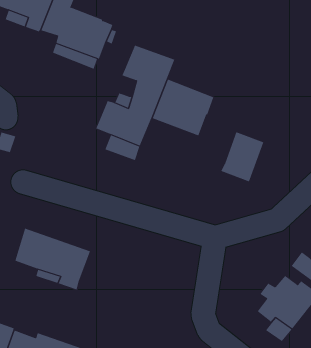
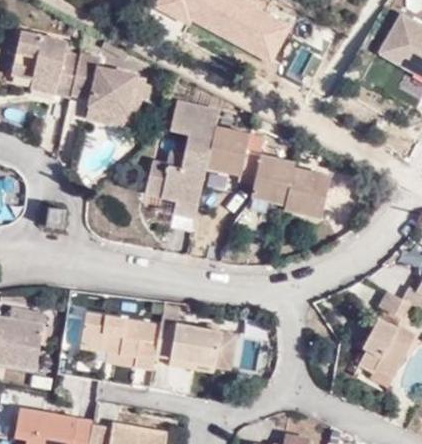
building: none -> [257,159,300,208]
building: none -> [156,324,239,370]

